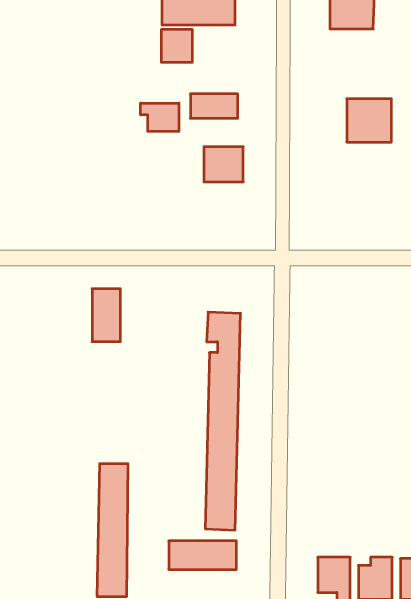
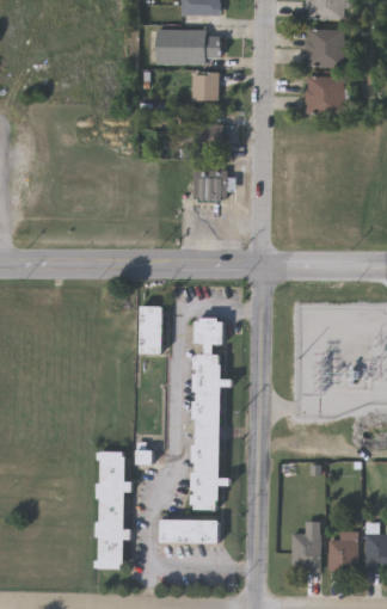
building: [161,30,192,62] -> [190,73,217,102]
building: [347,99,391,142] -> [300,76,339,115]
building: [141,103,179,131] -> none
building: [92,289,120,342] -> [139,306,164,352]

